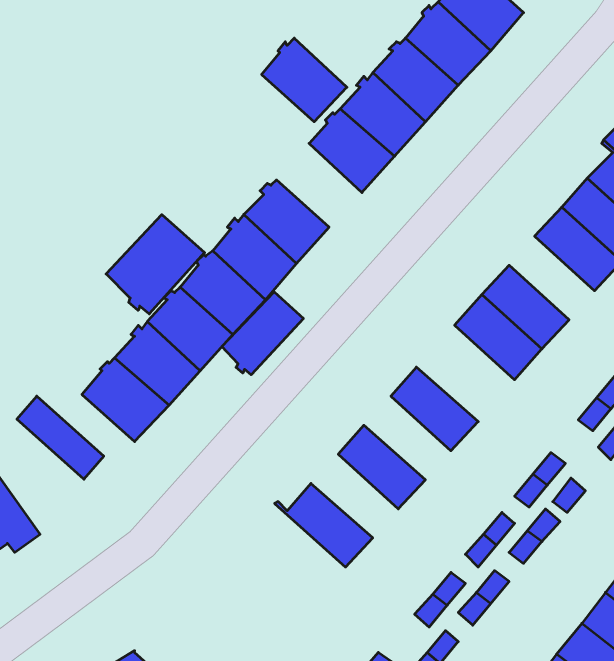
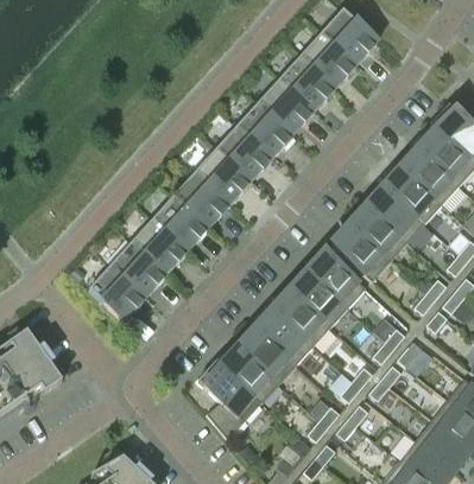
building: [262,38,347,122] -> [216,126,272,180]
building: [106,215,205,314] -> none
building: none -> [368,186,424,241]
building: [222,292,303,375] -> none
building: none -> [308,251,366,307]
building: [17,396,104,479] -> none
building: none -> [273,291,330,345]
building: none -> [239,329,296,383]
building: none -> [197,361,261,439]

